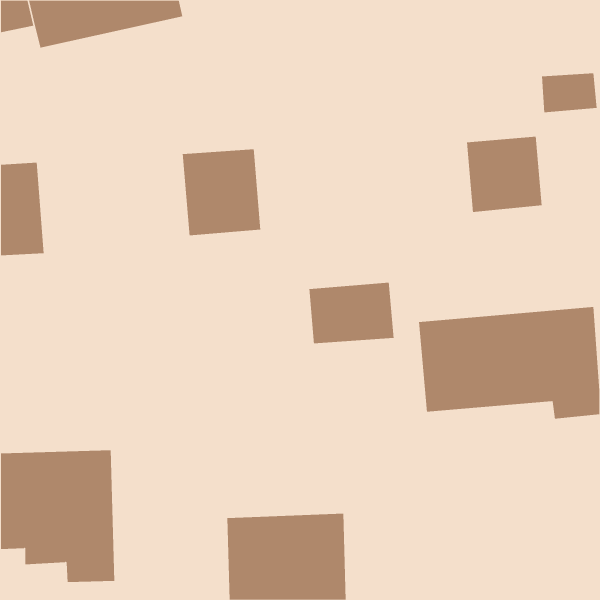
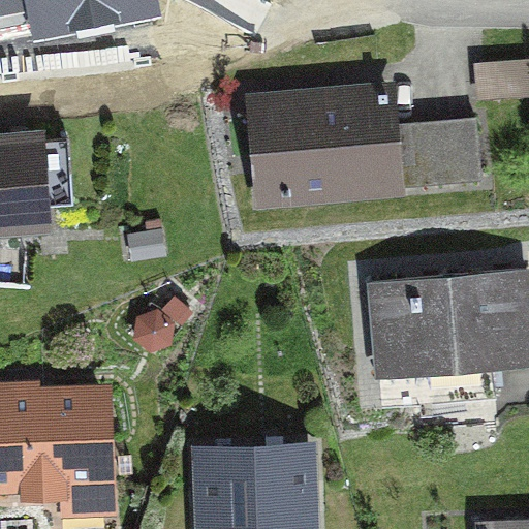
building: none -> [250,93,394,200]
building: [182,149,261,236] -> none
building: [309,282,394,344] -> none

